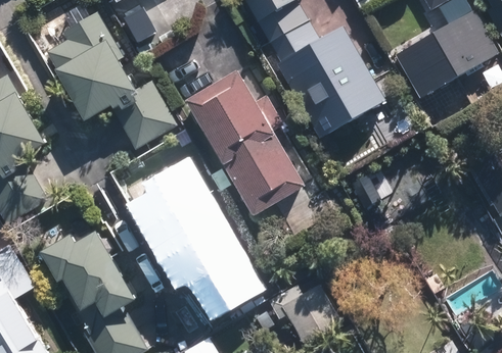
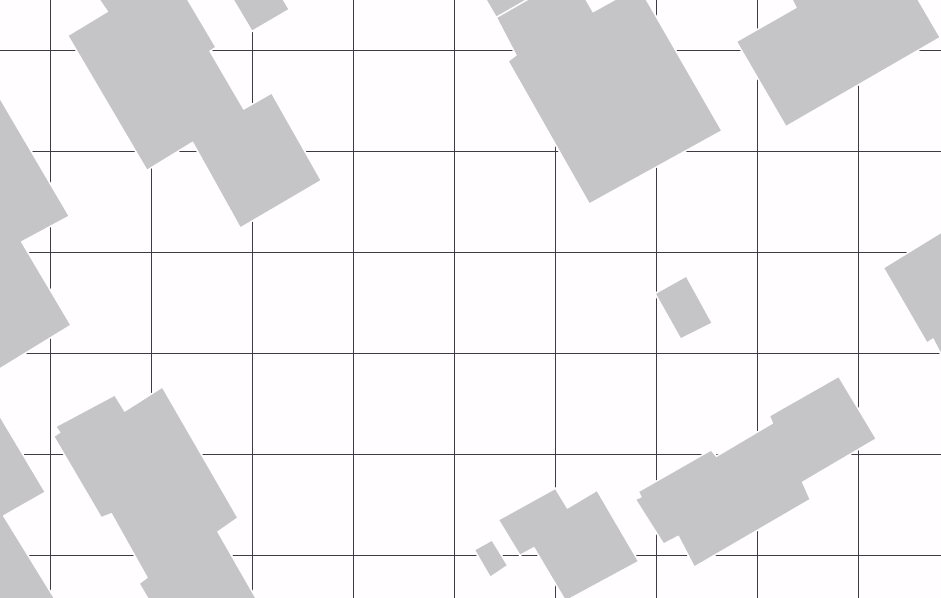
building: [179,67,301,215] -> none
building: [135,169,256,309] -> none
building: none -> [635,376,876,567]

